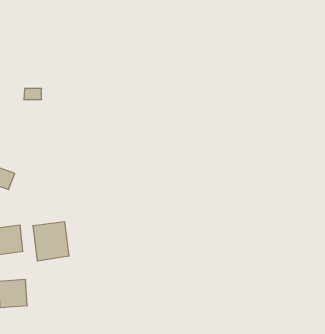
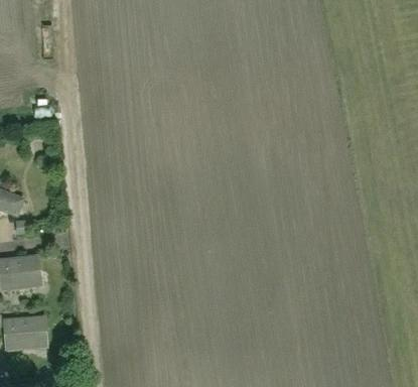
building: [33,222,69,261] -> none

